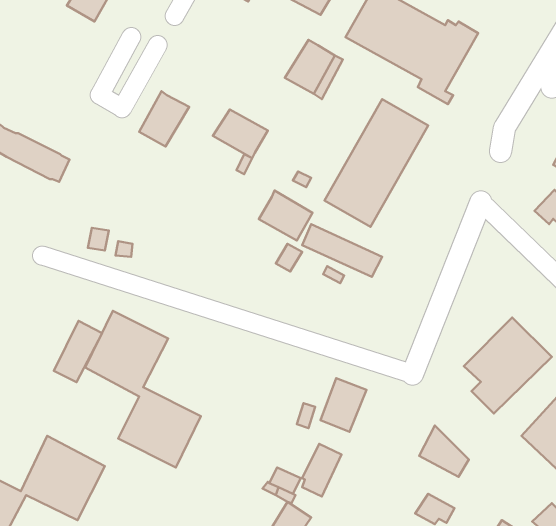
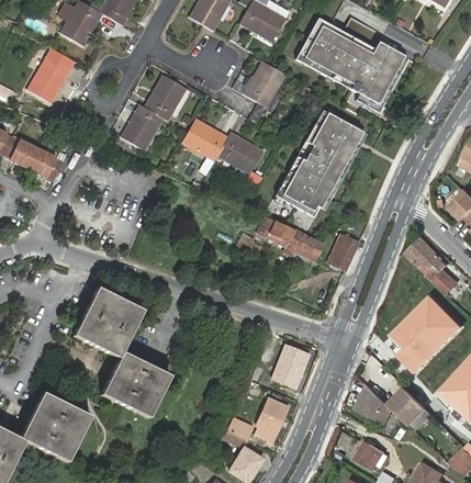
building: none -> [27,47,74,102]
building: none -> [143,75,184,120]
building: [259,190,313,240] -> [216,132,261,173]
building: none -> [327,233,358,270]
building: none -> [404,237,463,302]
building: [54,321,102,382] -> none
building: none -> [388,387,431,431]

